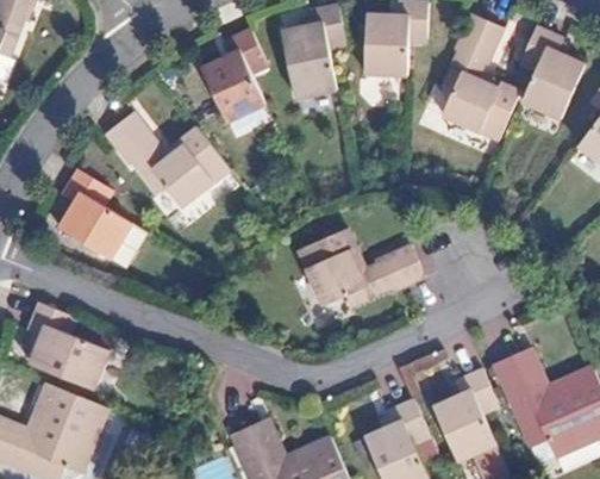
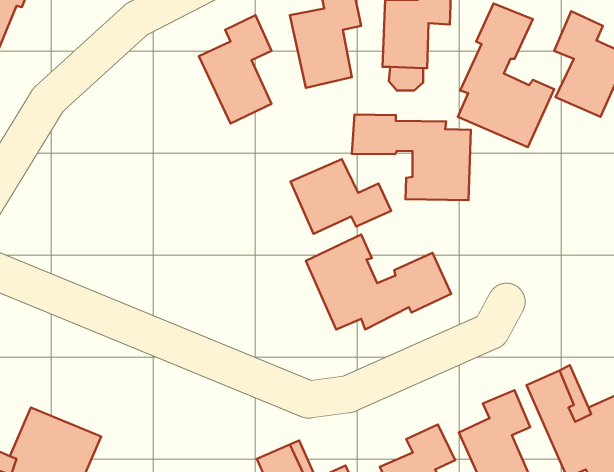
building: [104,117,230,211] -> none
building: none -> [352,114,471,200]
building: none -> [291,159,391,234]
building: [58,169,132,261] -> none
building: [30,303,111,391] -> none

